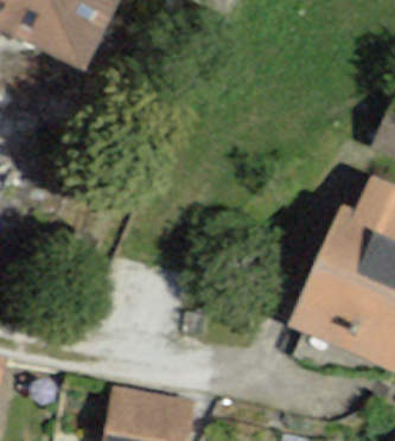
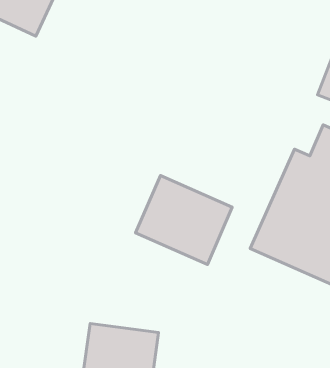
building: none -> [136,175,232,264]

